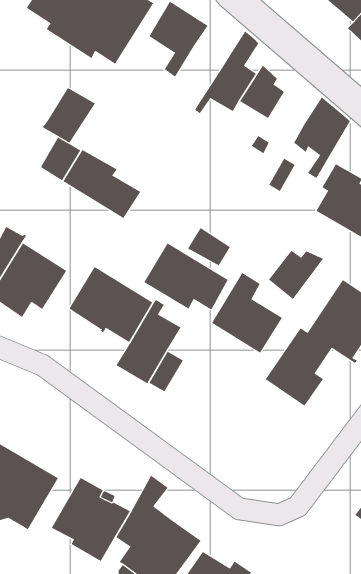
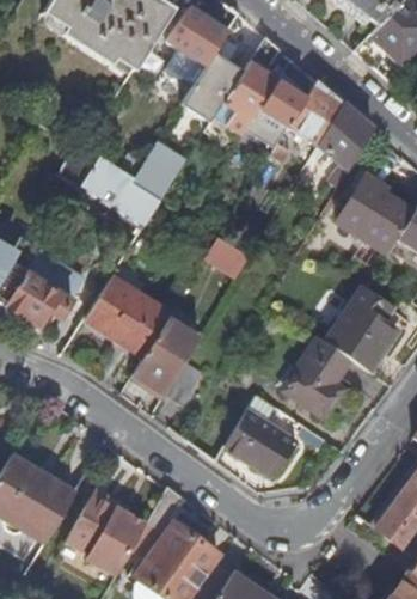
building: none -> [182,54,243,123]
building: none -> [289,81,343,145]
building: [42,87,96,144] -> [131,143,186,201]
building: [143,242,228,310] -> none
building: [268,250,324,300] -> none
building: [211,272,283,353] -> [226,396,299,478]

